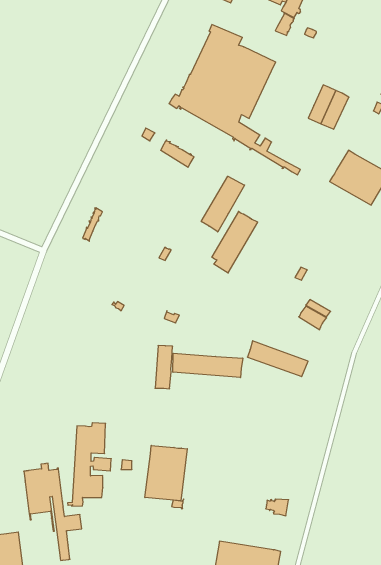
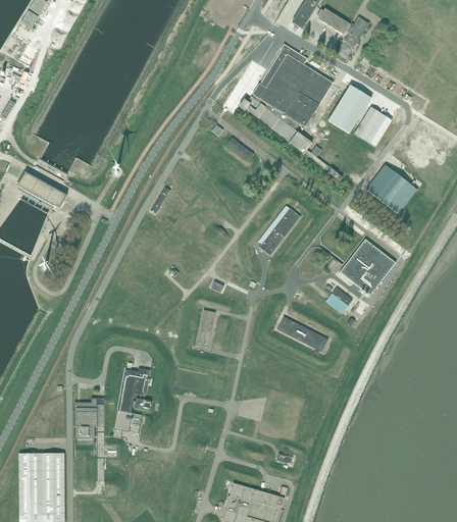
building: none -> [328,85,371,134]
building: [201,176,245,232] -> none
building: none -> [340,240,396,296]
building: [173,353,243,378] -> none
building: [145,445,187,501] -> none

